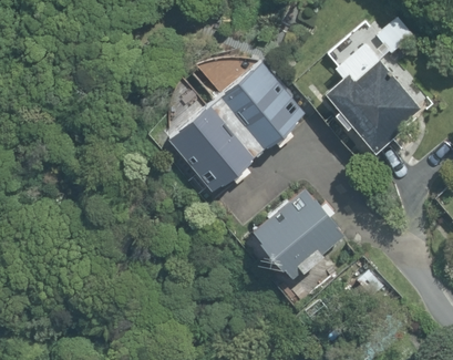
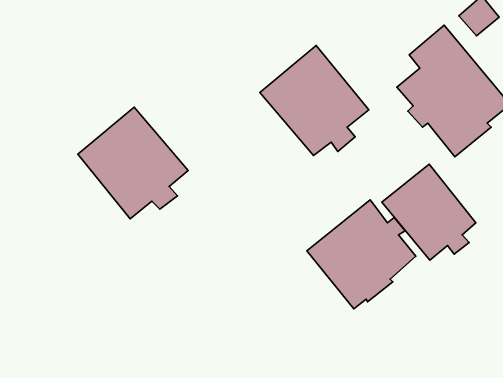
building: [167,97,258,189] -> [78,107,188,219]
building: none -> [382,164,476,260]

